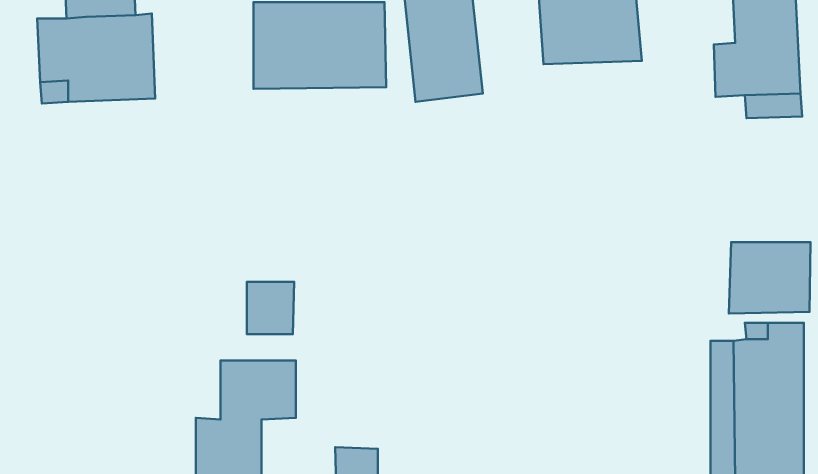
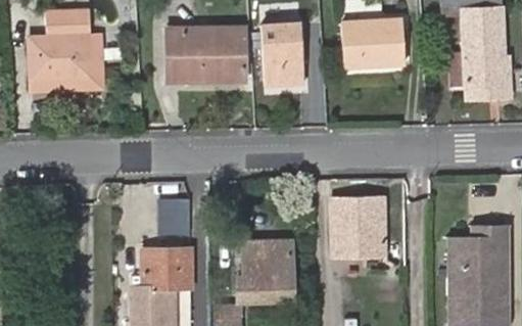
building: [729,242,810,313] -> none
building: none -> [333,199,385,253]
building: none -> [240,243,291,299]

